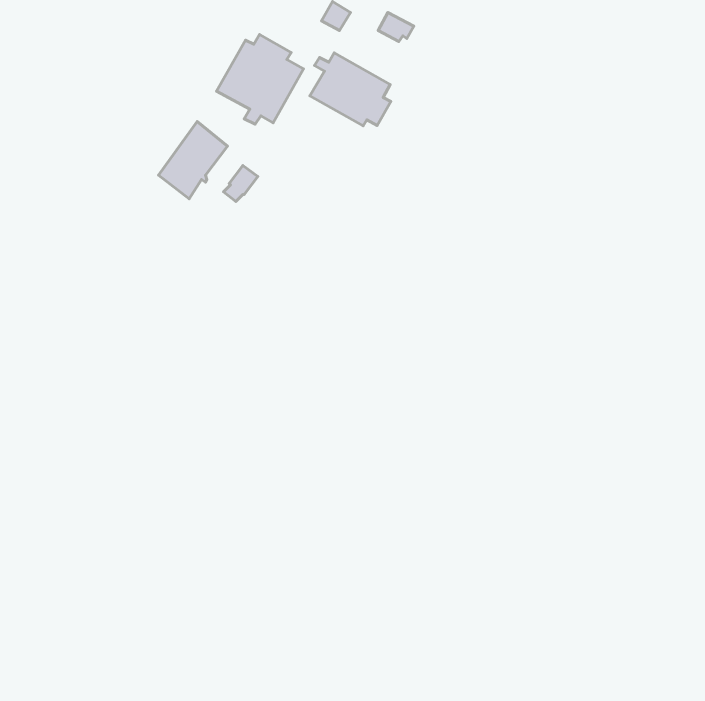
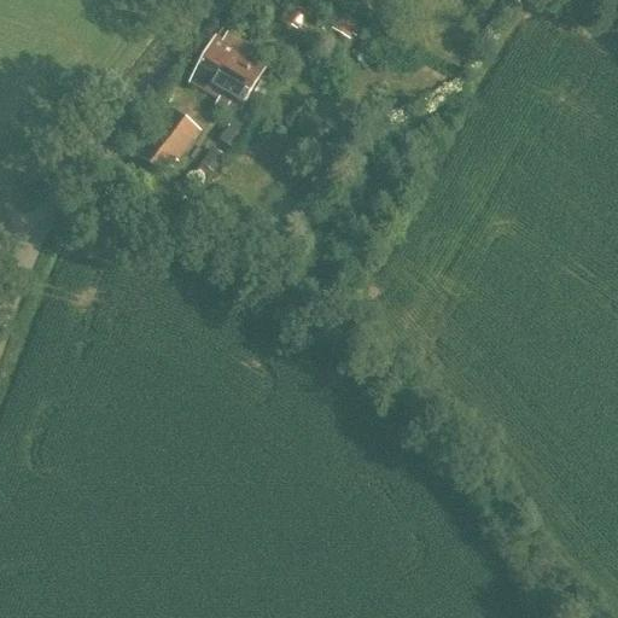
building: [310,53,391,126] -> none

